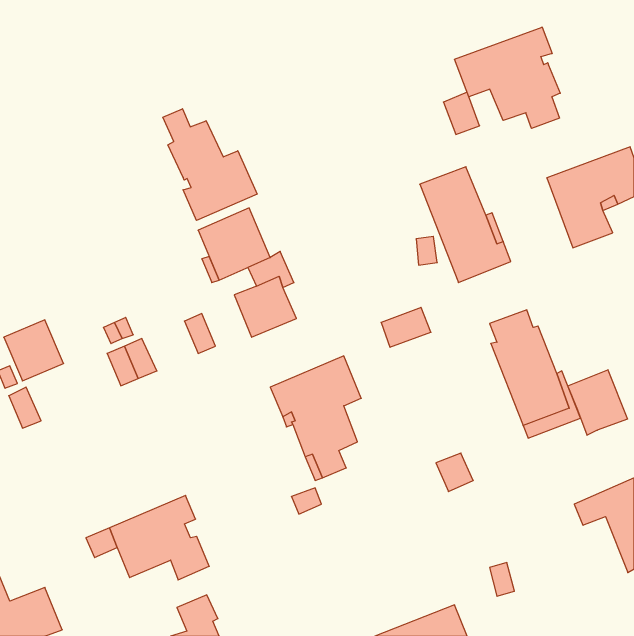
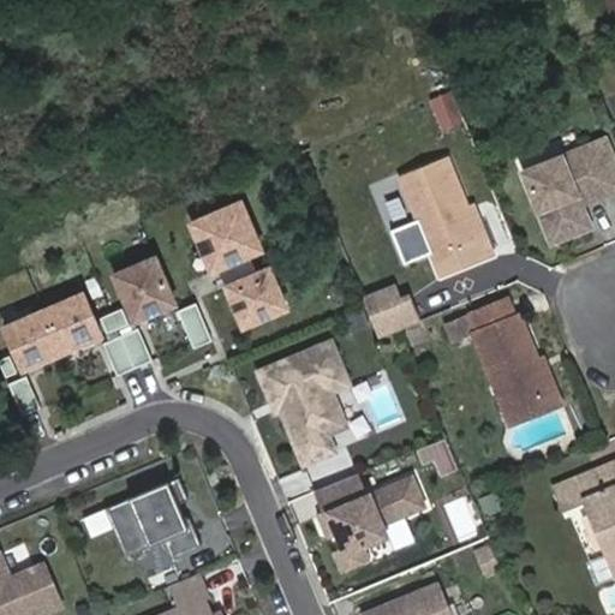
building: [455,27,560,128] -> none
building: [163,109,257,220] -> none
building: none -> [114,257,174,321]
building: none -> [43,292,101,351]
building: [568,370,627,435] -> none
building: none -> [316,474,424,571]

